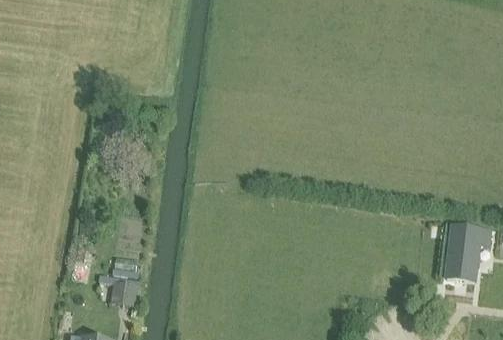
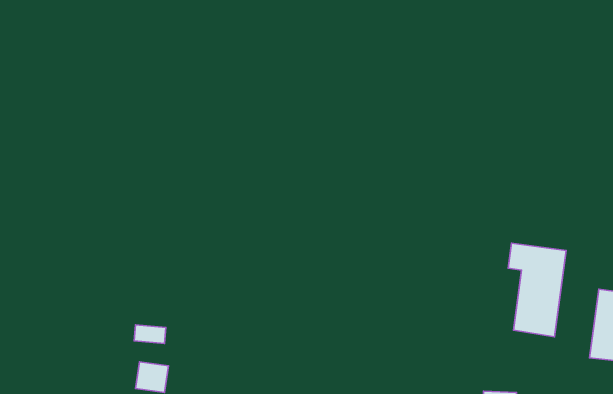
building: none -> [508,243,566,337]

